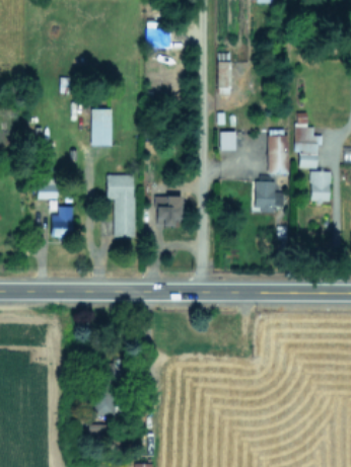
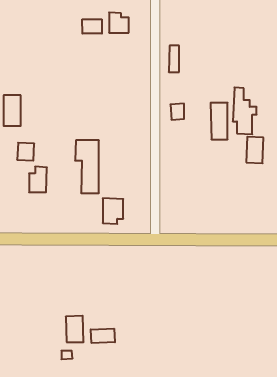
building: none -> [82,19,102,34]
building: [91,109,112,146] -> [4,95,21,126]
building: [255,181,284,213] -> none
building: [157,197,182,227] -> [103,198,123,224]
building: none -> [91,329,115,343]

